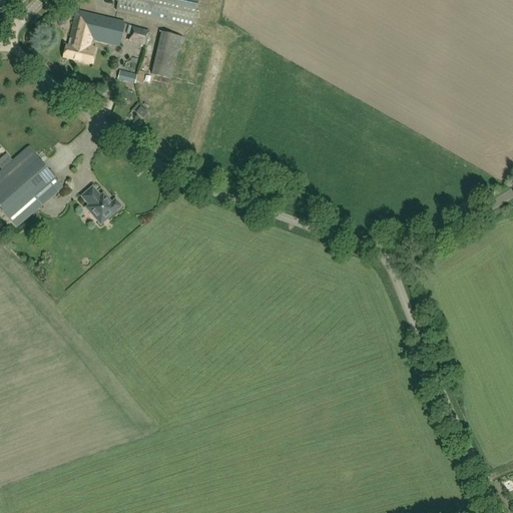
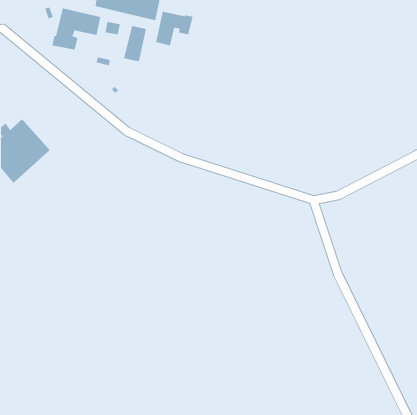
building: none -> [155,11,193,46]
building: [82,185,121,222] -> none

